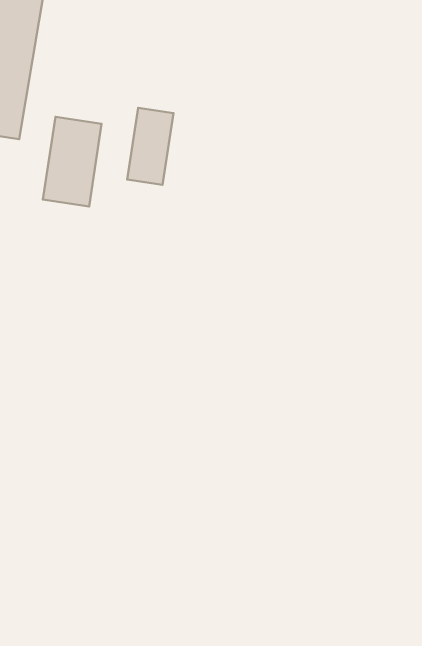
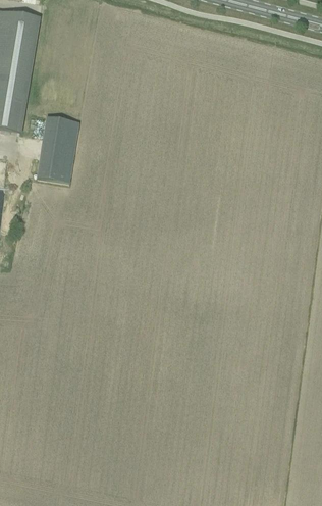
building: [127,108,173,185] -> none

